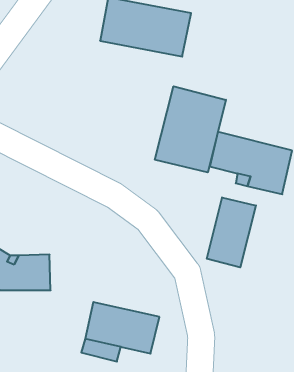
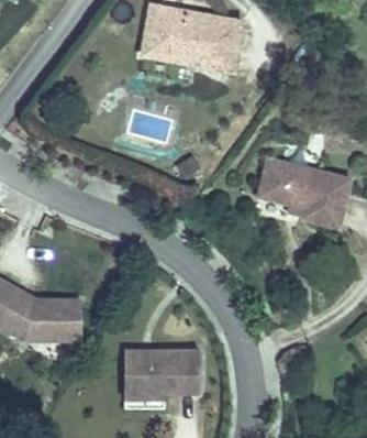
building: [155,86,226,172] -> none
building: [207,197,256,267] -> none

